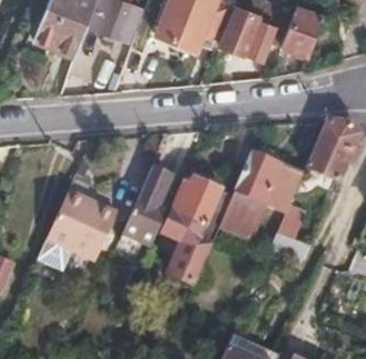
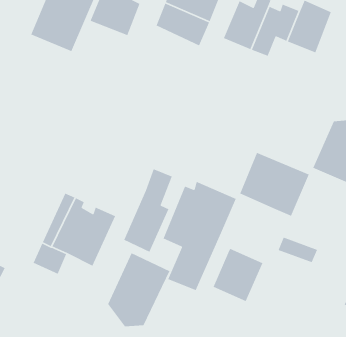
building: [218,191,267,243] -> [212,248,263,302]
building: none -> [107,252,170,327]

